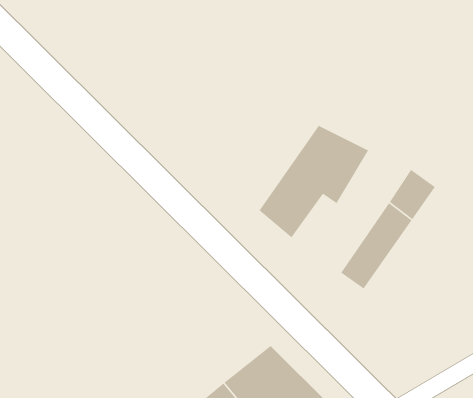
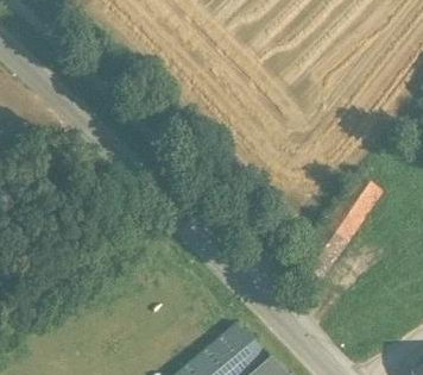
building: [258,125,369,238] -> none

